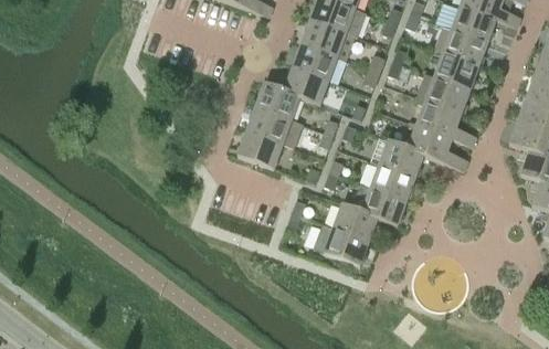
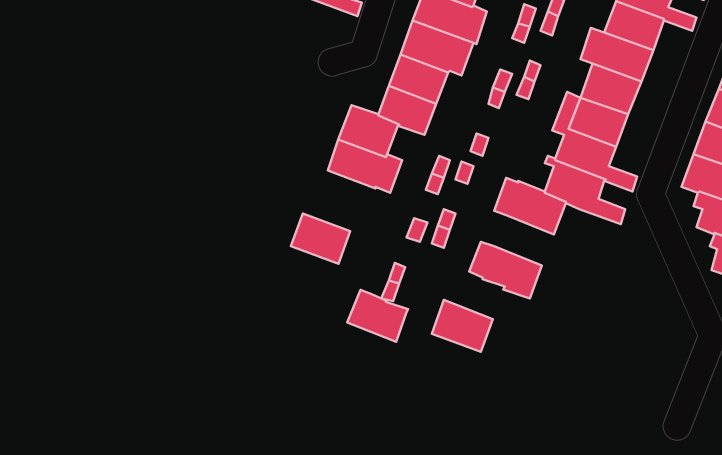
building: [239,130,283,168] -> [291,213,350,264]
building: [371,163,415,201] -> none
building: [334,202,379,241] -> [347,290,408,342]

